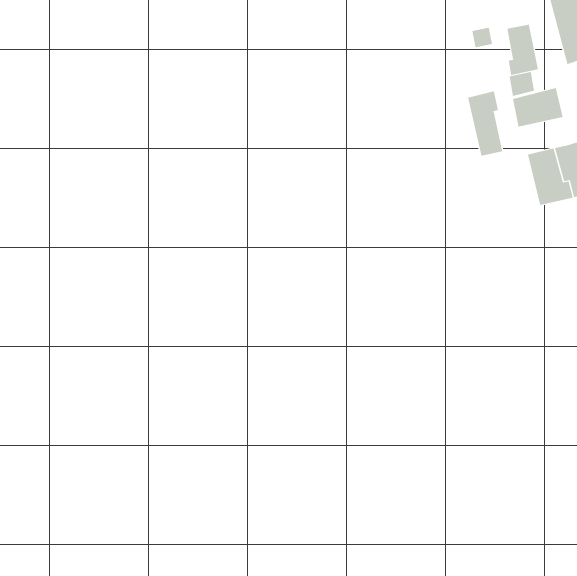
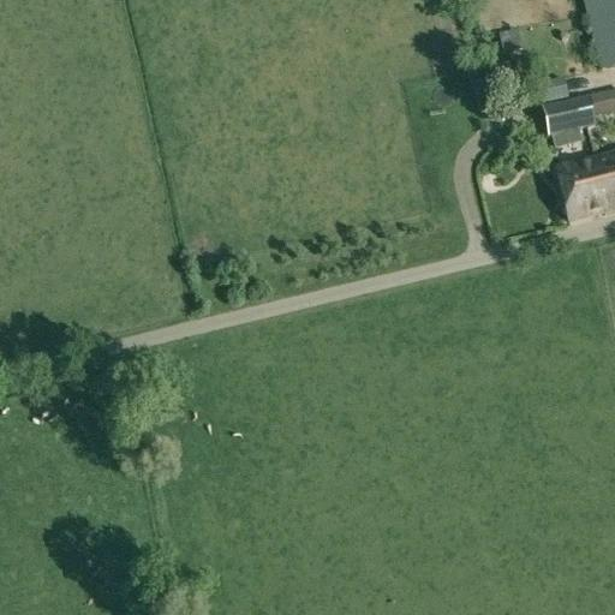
building: [507,24,538,76] -> none
building: [467,91,503,157] -> none

